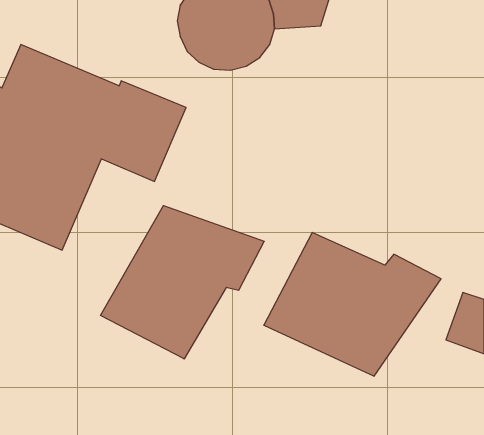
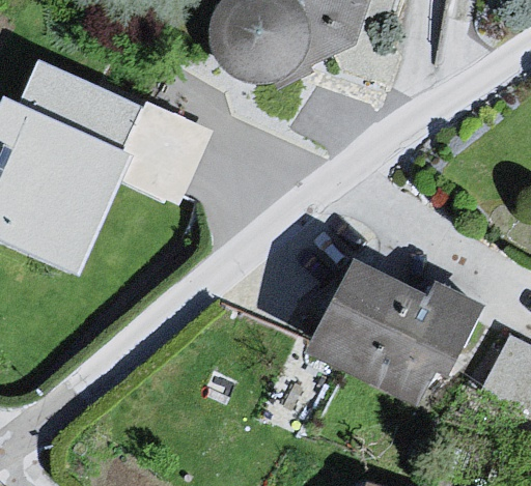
building: [101,206,264,359] -> none

